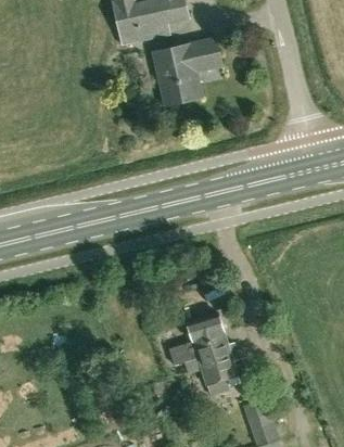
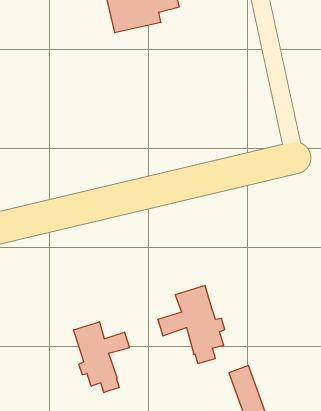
building: [153,38,221,105] -> none
building: none -> [73,322,129,393]

